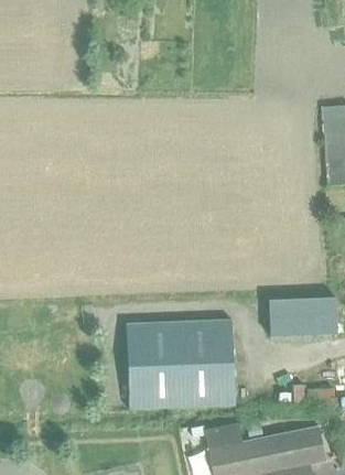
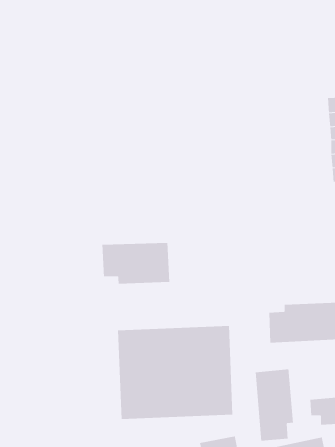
building: none -> [102,242,170,285]
building: none -> [255,369,294,442]

